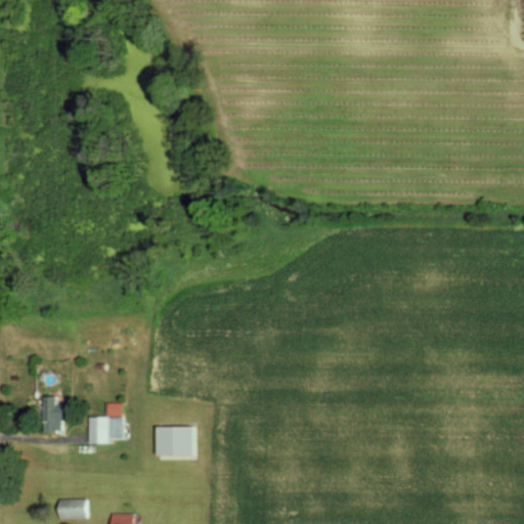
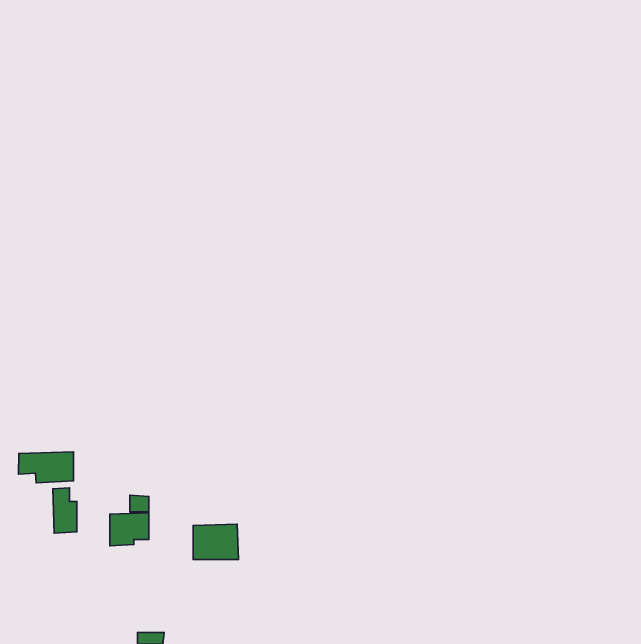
building: none -> [18,452,74,483]
building: [58,498,86,519] -> none

